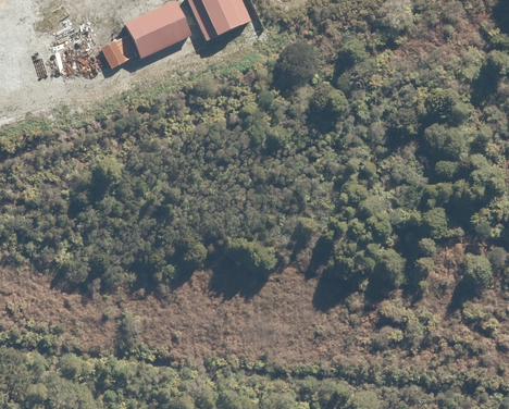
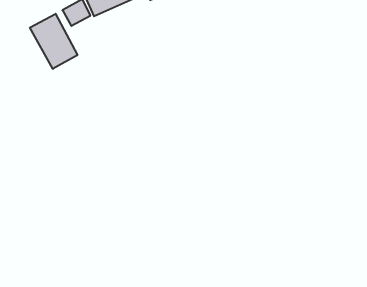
building: none -> [30,14,77,69]

